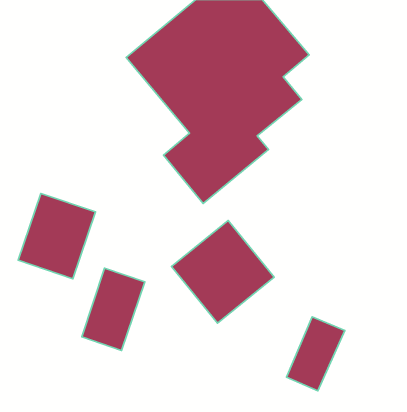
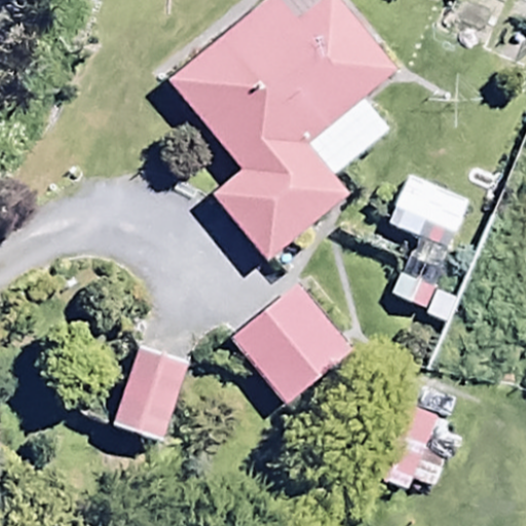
building: none -> [386,176,473,314]
building: [18,193,96,279] -> none

